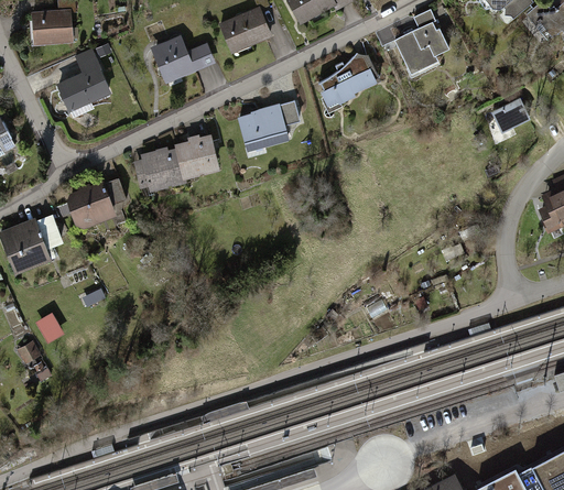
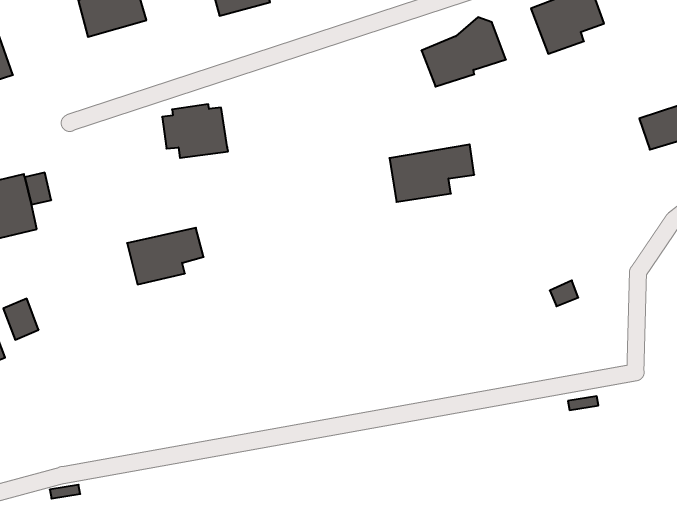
building: [239,98,304,149] -> [389,144,474,202]
building: [175,134,220,177] -> none
building: [69,176,128,225] -> [127,228,204,284]

